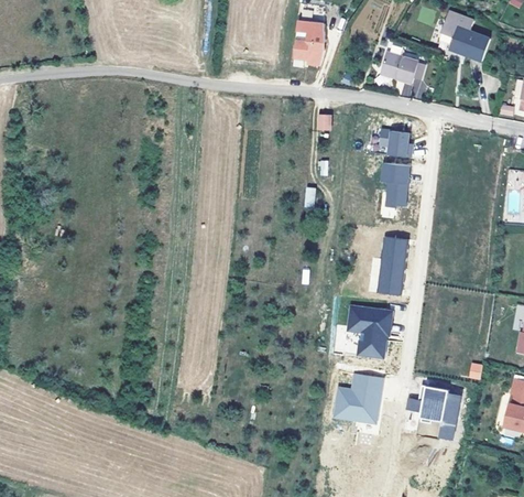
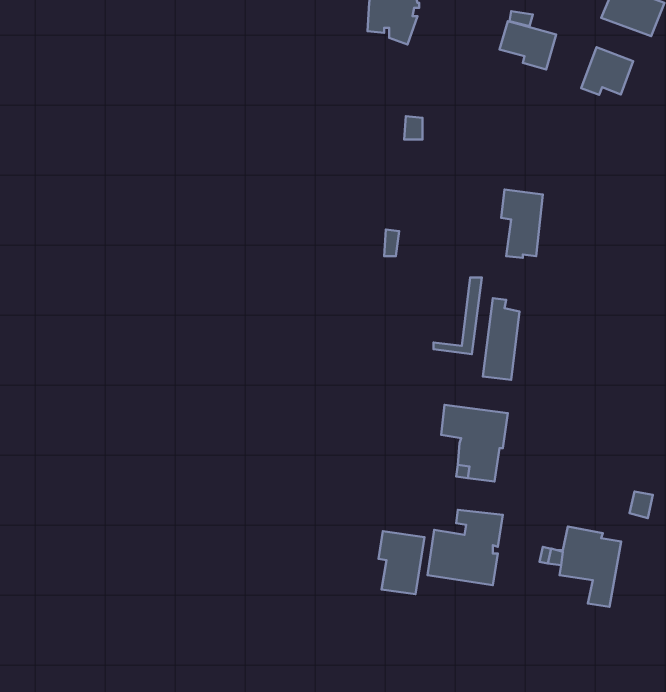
building: none -> [581,47,633,95]
building: [379,130,412,158] -> none
building: [370,244,402,294] -> [434,277,482,354]
building: none -> [379,531,424,594]

